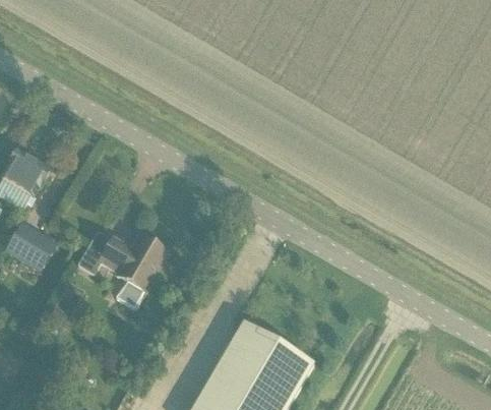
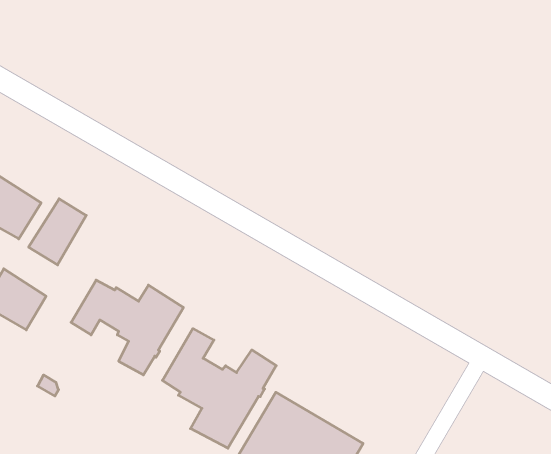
building: none -> [29,199,86,265]
building: none -> [162,329,276,448]

